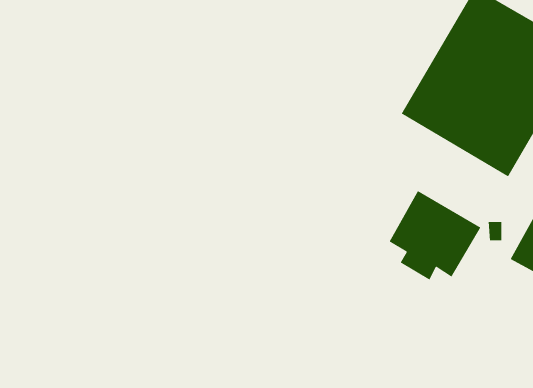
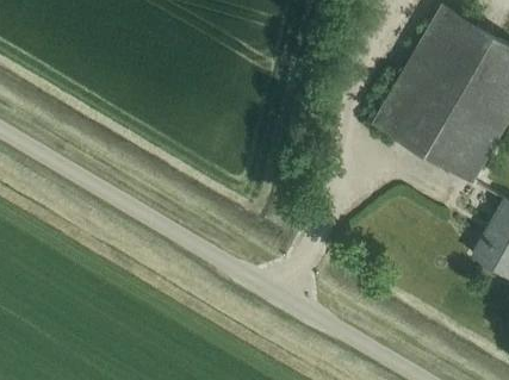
building: [389,190,481,280] -> none

